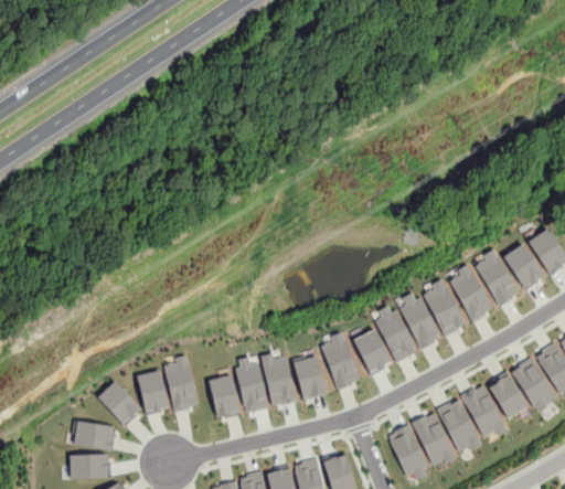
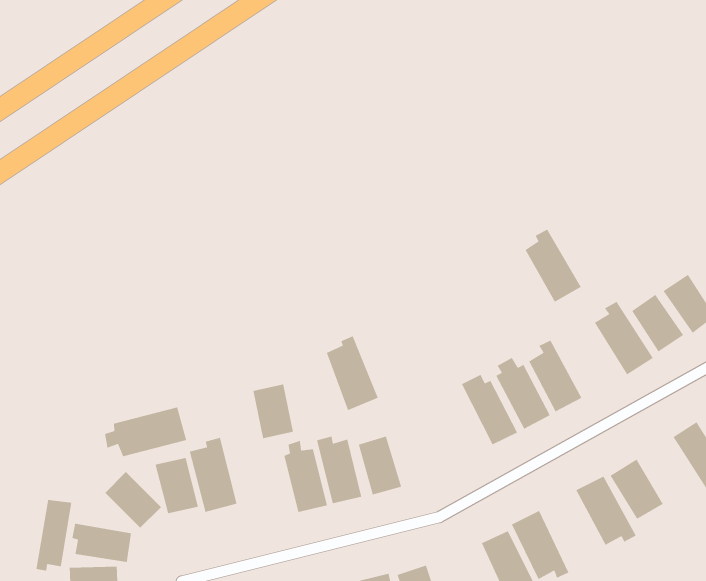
building: [450,264,494,321] -> [525,228,582,303]
building: [352,327,392,374] -> none
building: none -> [104,406,187,457]
building: [320,331,361,390] -> [326,335,379,411]
building: [510,355,556,408] -> none
building: [207,373,239,416] -> [252,383,294,439]
building: [435,396,481,450] -> none
building: none -> [36,499,72,571]

